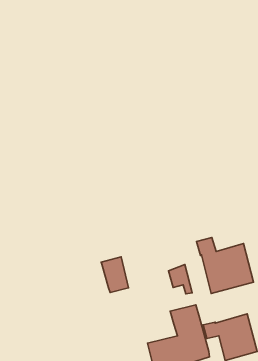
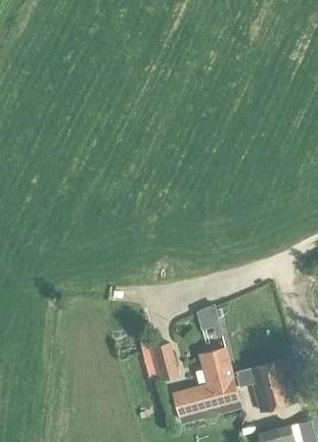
building: [196,237,253,294] -> none
building: [101,257,128,292] -> [148,342,179,382]

